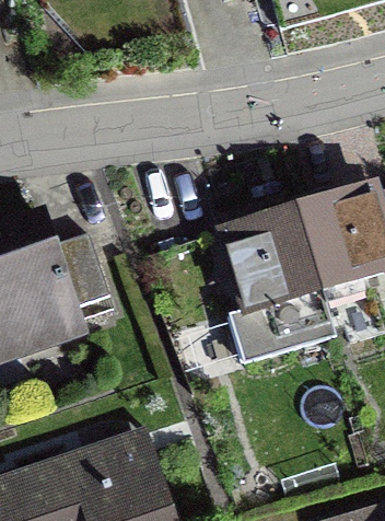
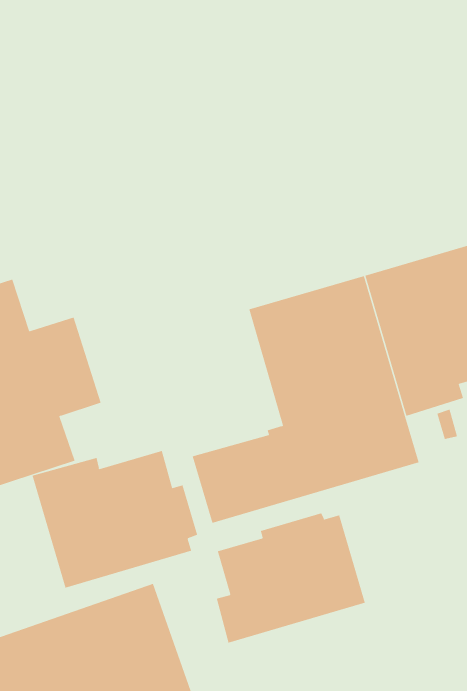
building: none -> [32,450,198,589]
building: none -> [216,512,365,643]

